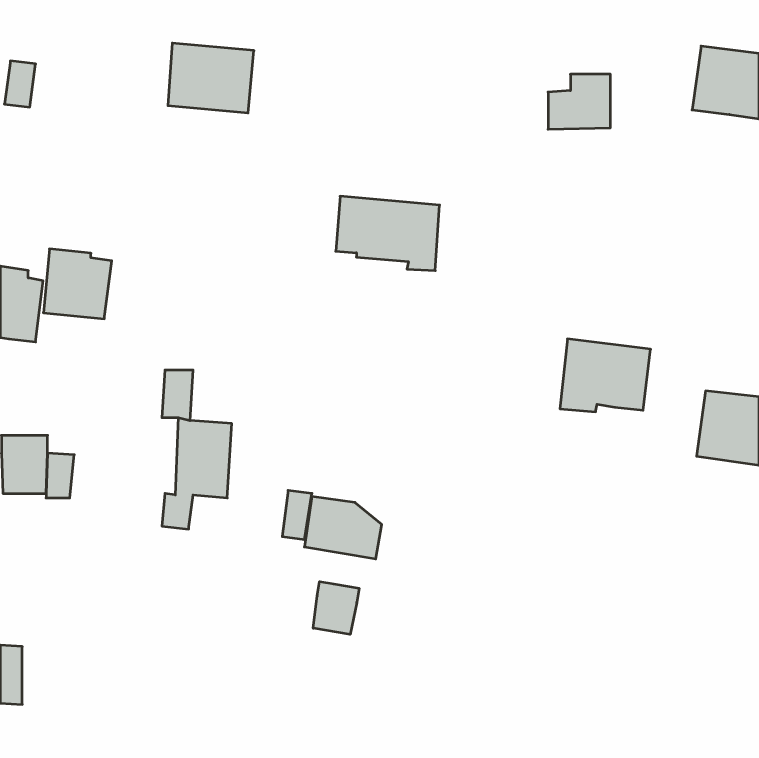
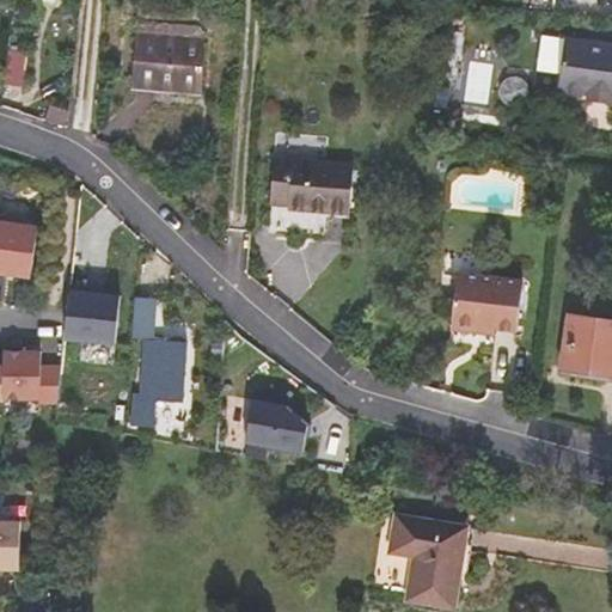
building: [43,249,112,319] -> [63,286,118,342]
building: [313,582,359,634] -> none
building: none -> [392,518,465,605]

